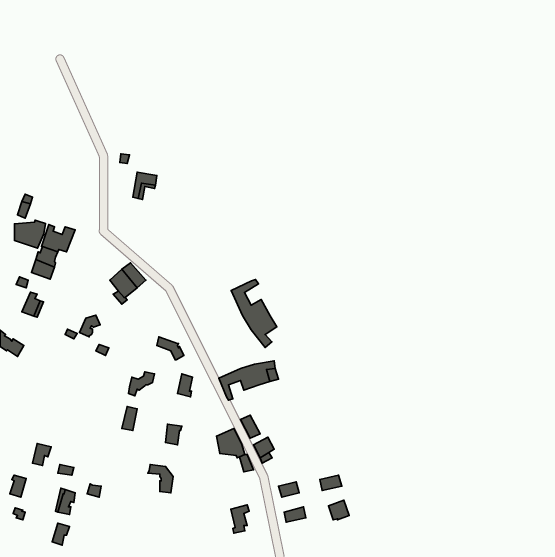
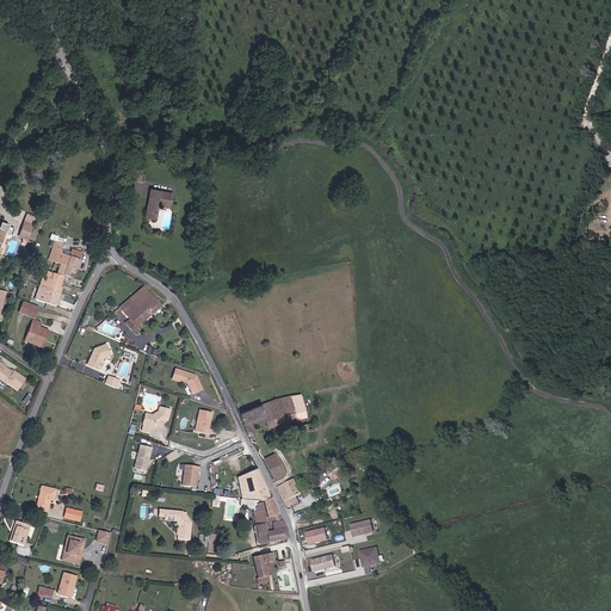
building: [14,220,45,248] -> none
building: [231,280,277,348] -> none
building: none -> [241,498,273,544]

